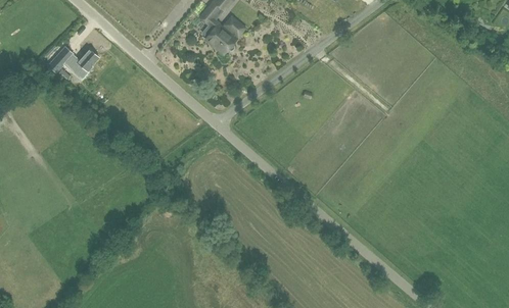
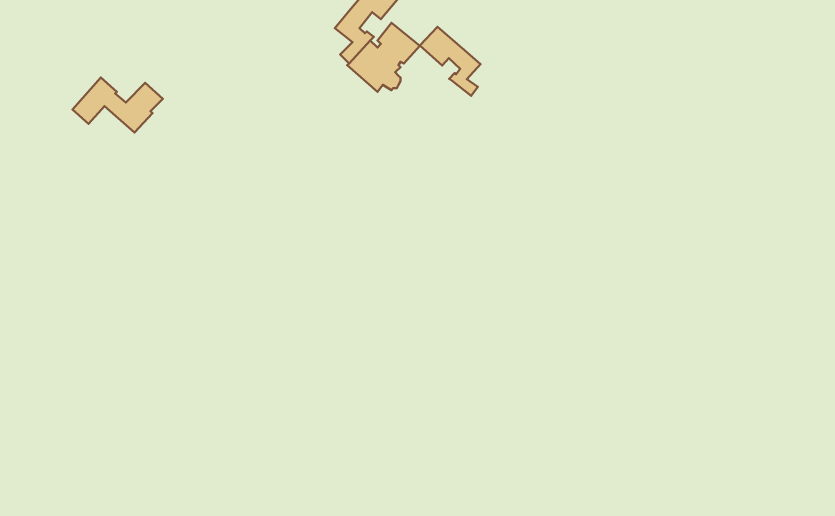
building: none -> [420,27,481,96]

